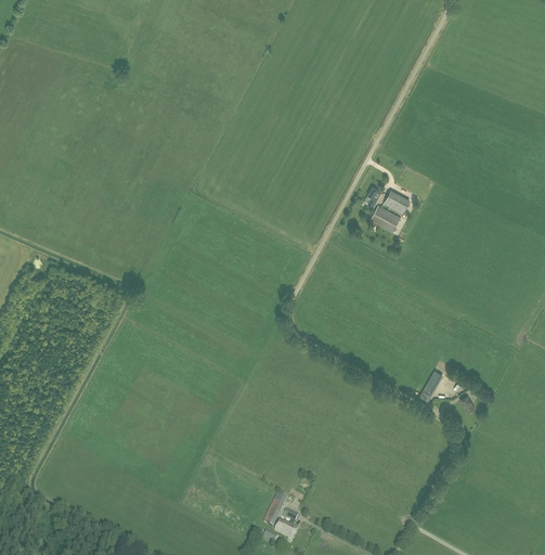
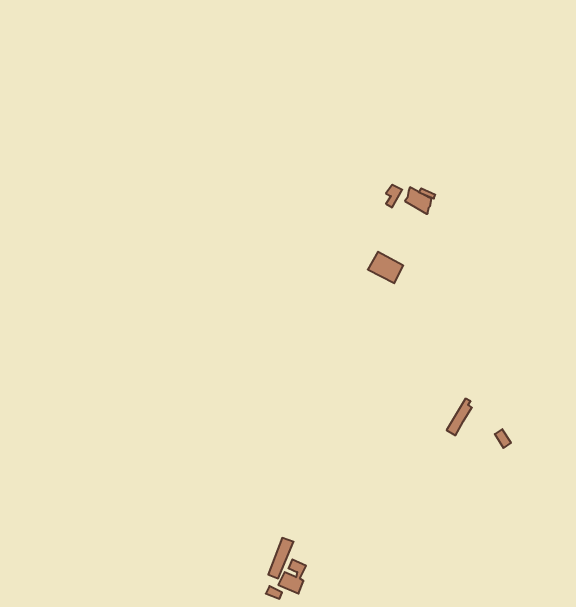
building: [369,206,400,233] -> [368,252,403,283]

